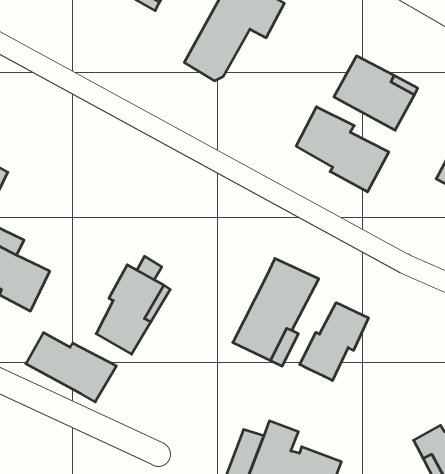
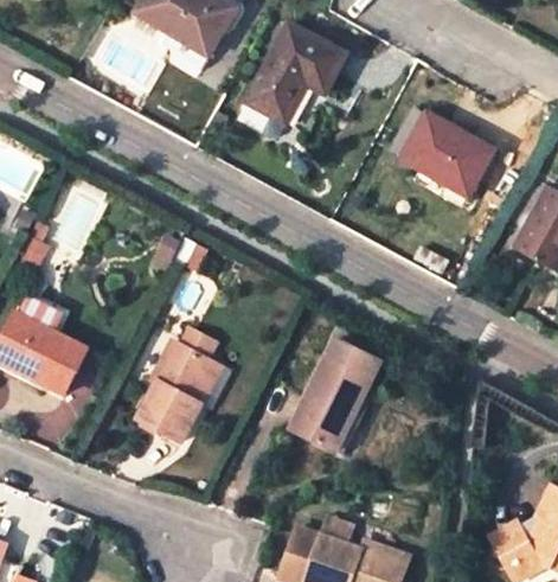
building: [296,107,389,192] -> none
building: [300,303,368,381] -> none
building: [26,333,116,402] -> none

